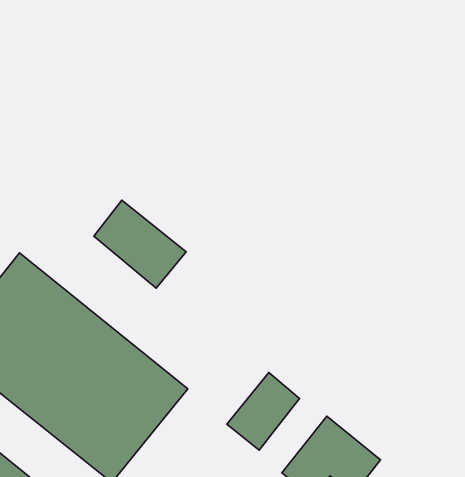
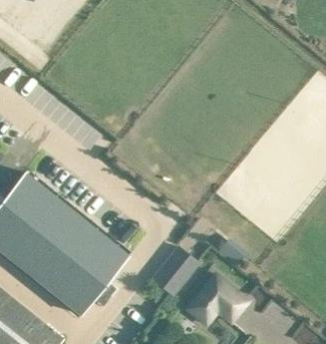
building: [94,200,186,288] -> none

